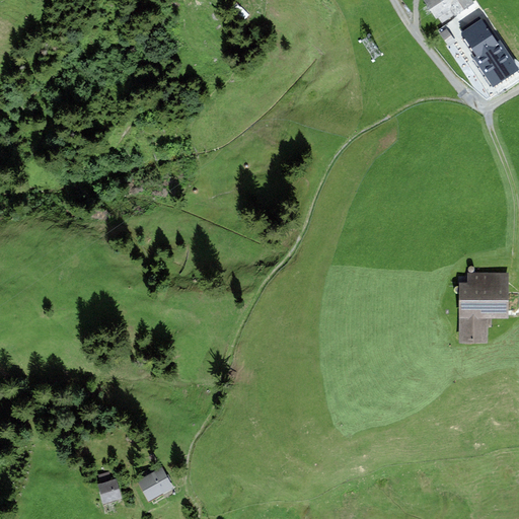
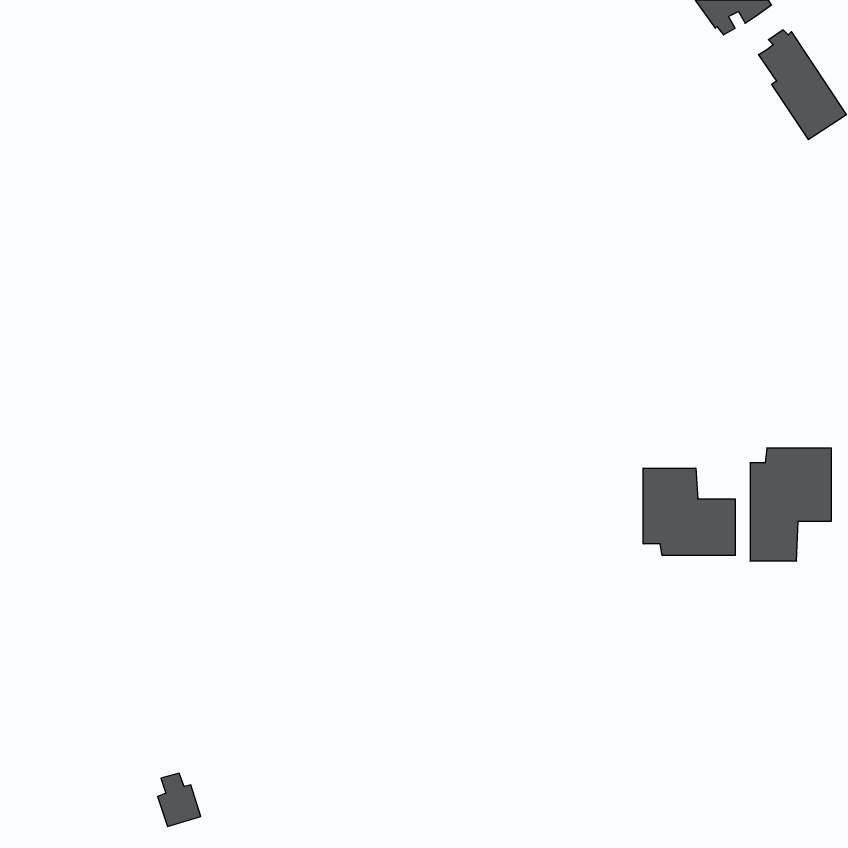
building: none -> [643,468,735,555]
building: [138,467,172,500] -> none

